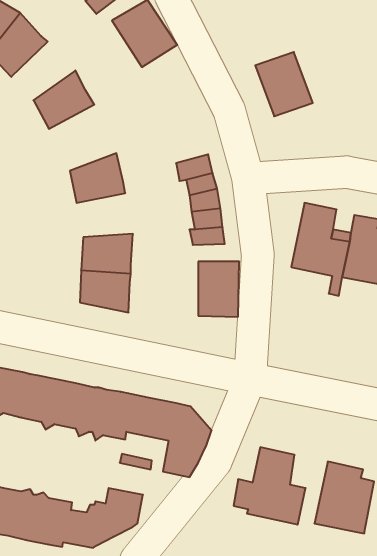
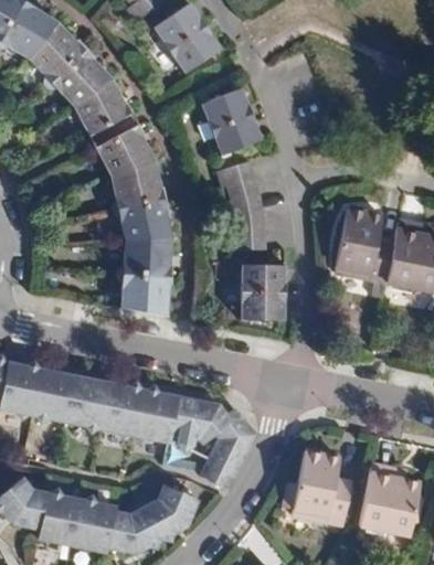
building: none -> [53,46,117,105]
building: [255,52,313,116] -> [200,89,257,153]
building: none -> [96,122,158,175]
building: none -> [118,198,174,242]

